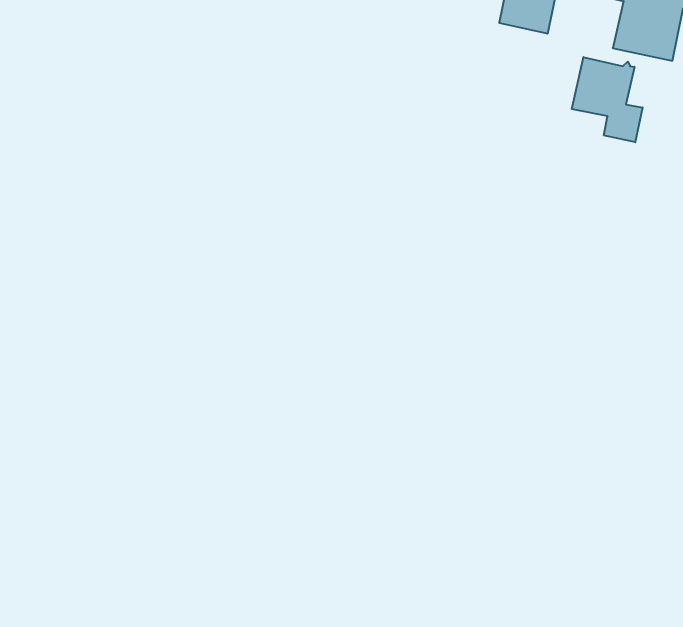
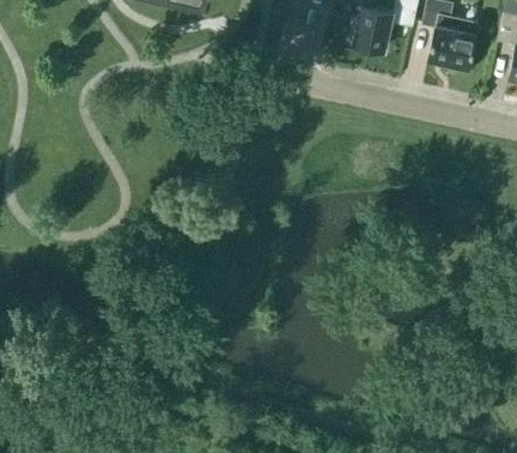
building: [572,57,643,142] -> none

